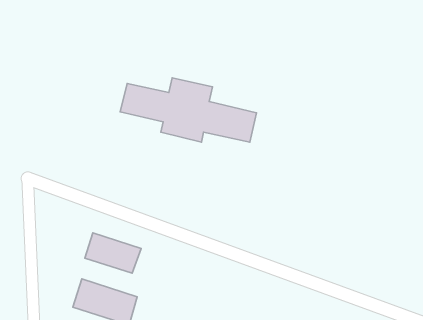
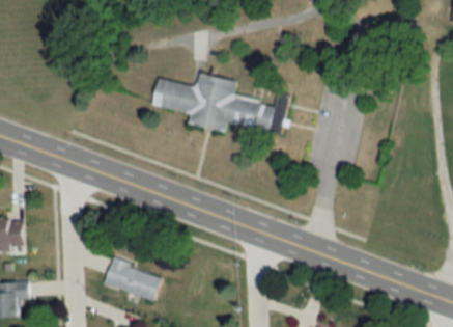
building: [85,233,141,273] -> none

